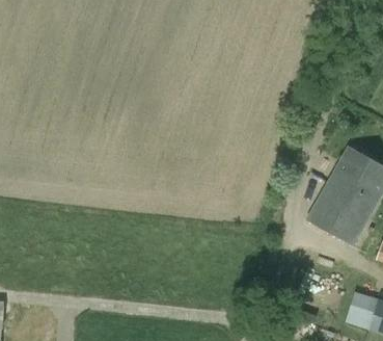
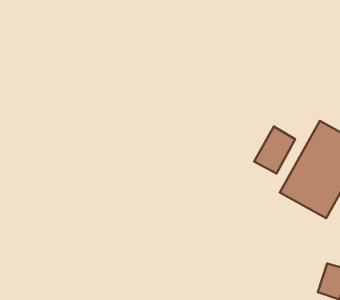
building: none -> [254,126,295,173]

